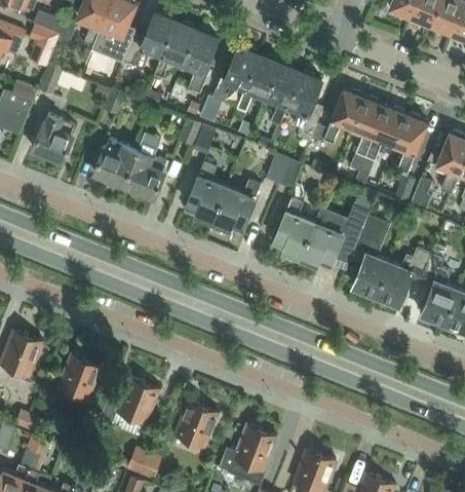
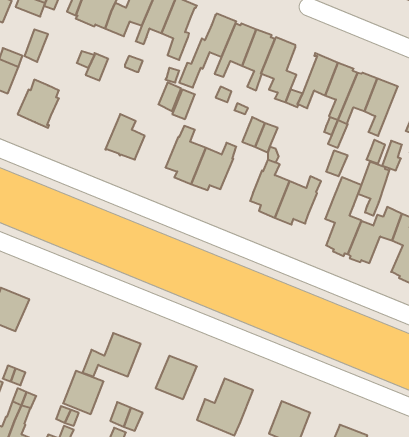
building: [92,141,138,188] -> none
building: none -> [358,161,389,216]
building: [59,355,101,401] -> [63,371,104,414]

